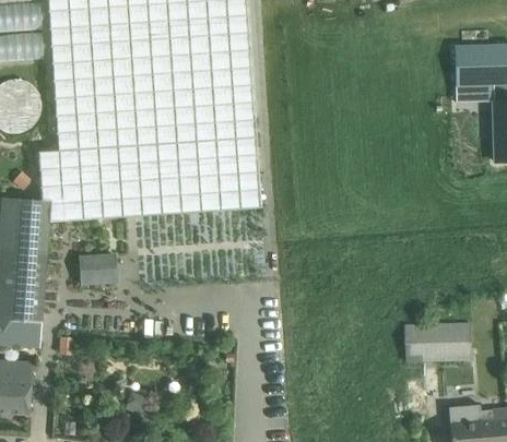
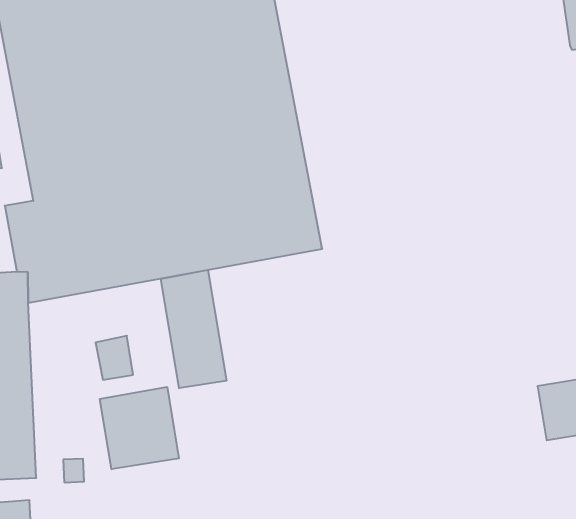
building: none -> [161,270,226,388]
building: none -> [100,387,179,469]

